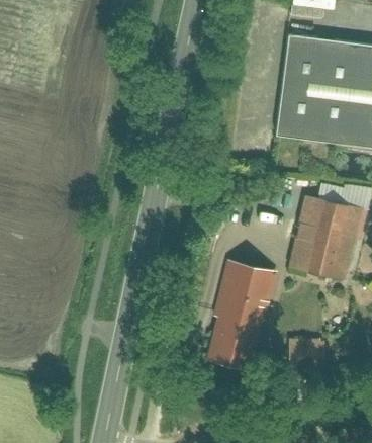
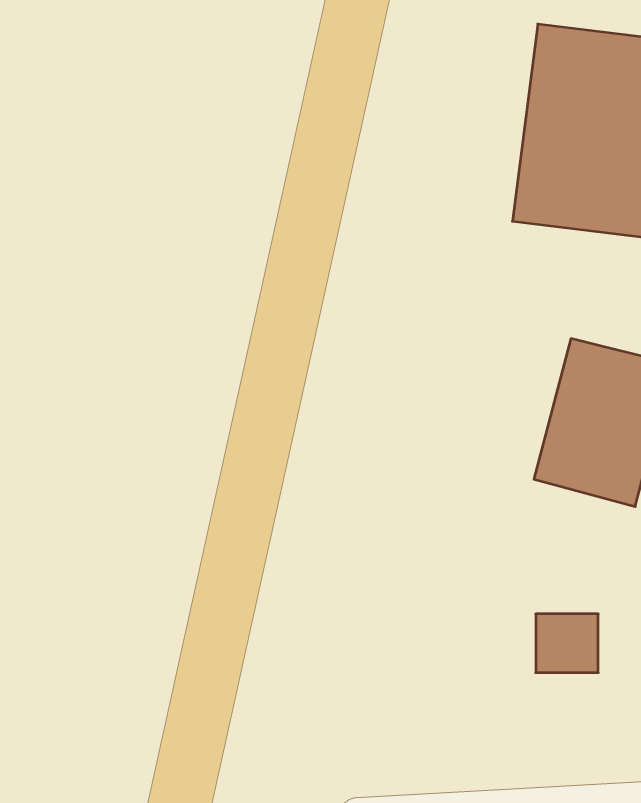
building: [203,262,275,364] -> none

